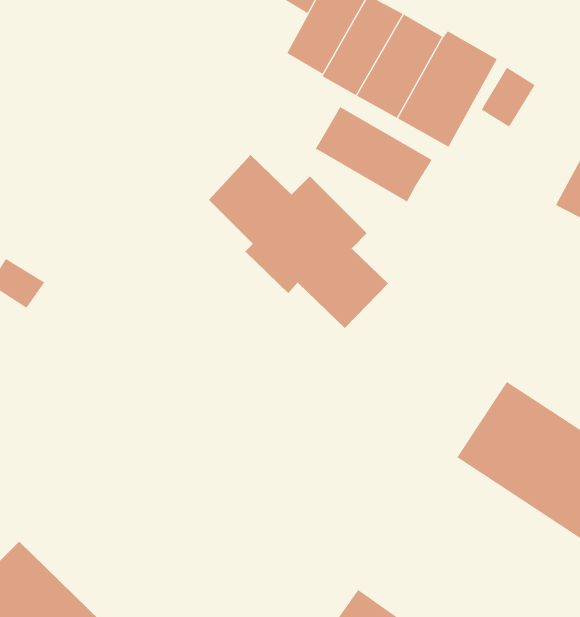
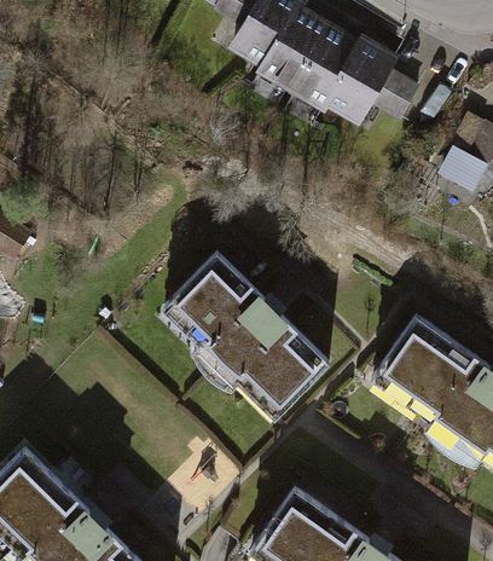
building: [315,106,432,203] -> none
building: [208,154,389,329] -> [169,264,313,403]

